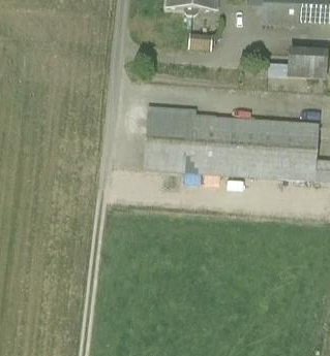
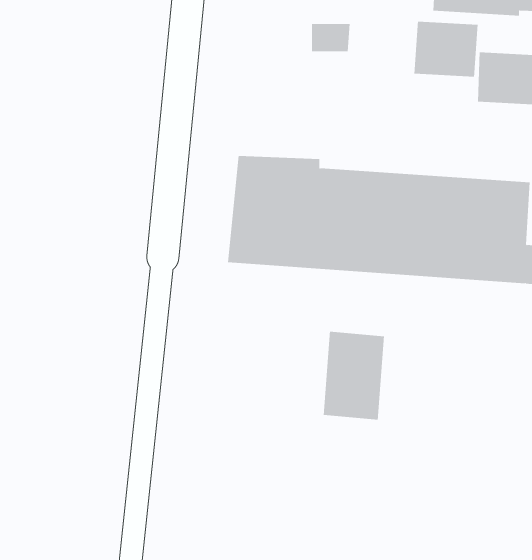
building: none -> [414,21,478,77]
building: none -> [323,331,385,421]

